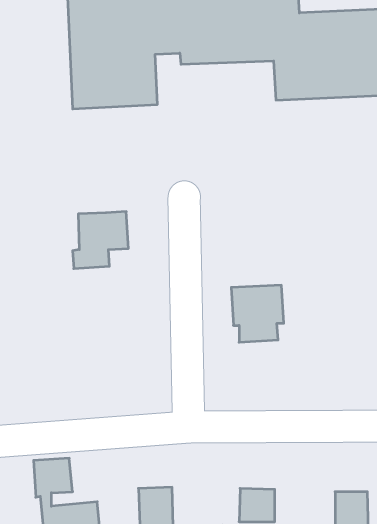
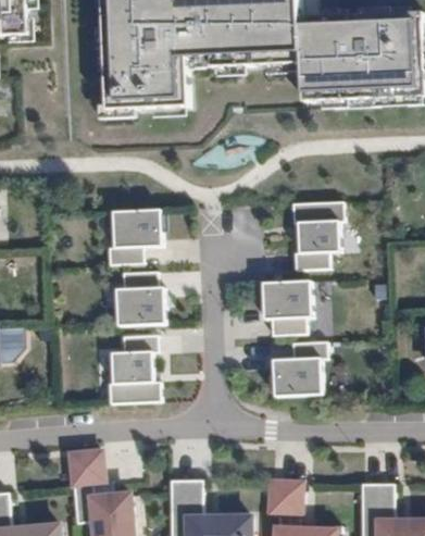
building: none -> [293,203,345,270]
building: none -> [118,272,167,327]
building: none -> [109,334,161,402]
building: none -> [273,342,328,398]

